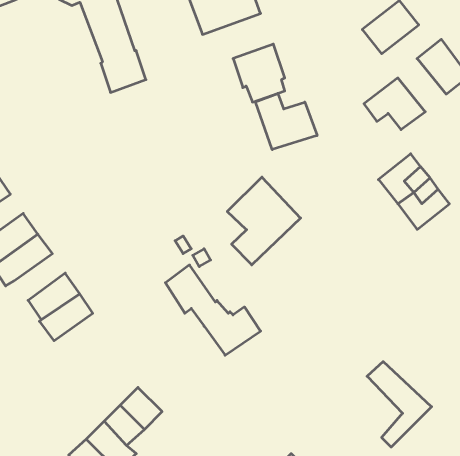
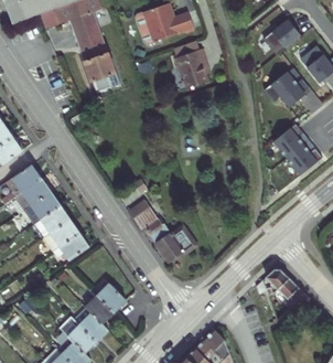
building: [256,93,317,150] -> none
building: [227,177,301,265] -> none
building: none -> [24,192,60,224]
building: none -> [52,233,88,260]

